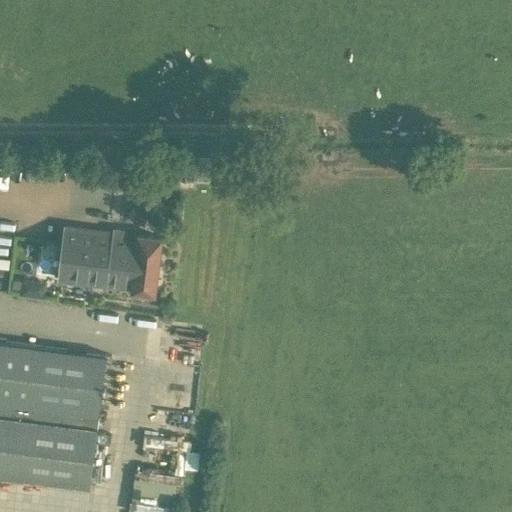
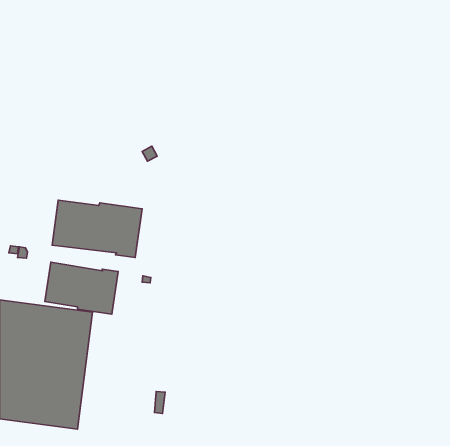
building: none -> [45,262,118,314]

